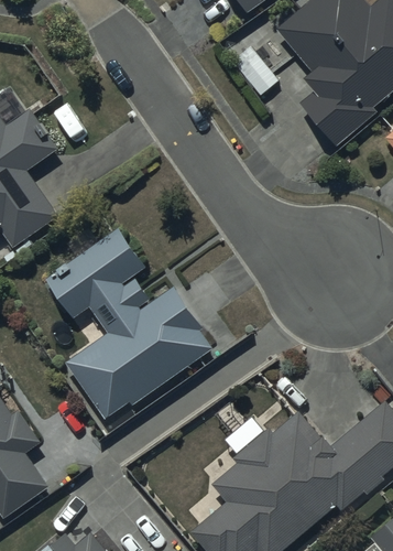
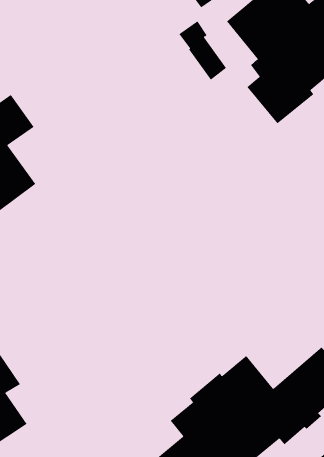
building: [50,228,212,419] -> none

